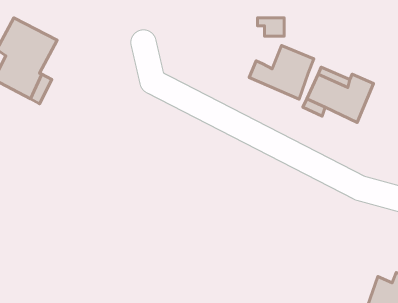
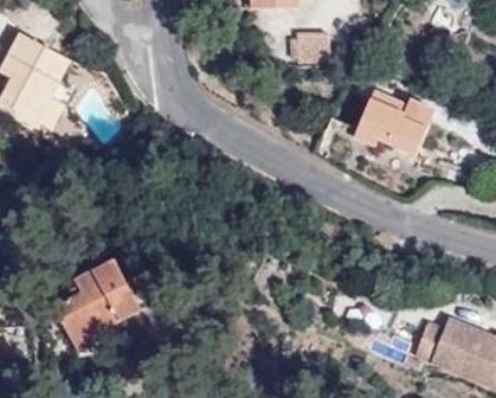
building: [249,45,314,99] -> none
building: none -> [56,261,141,355]

